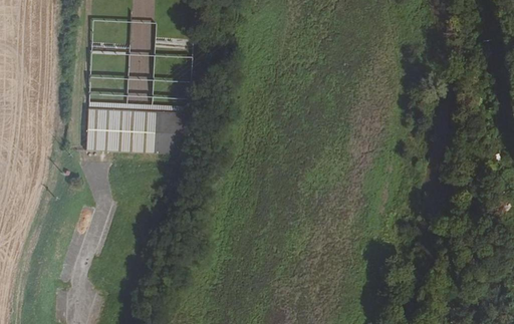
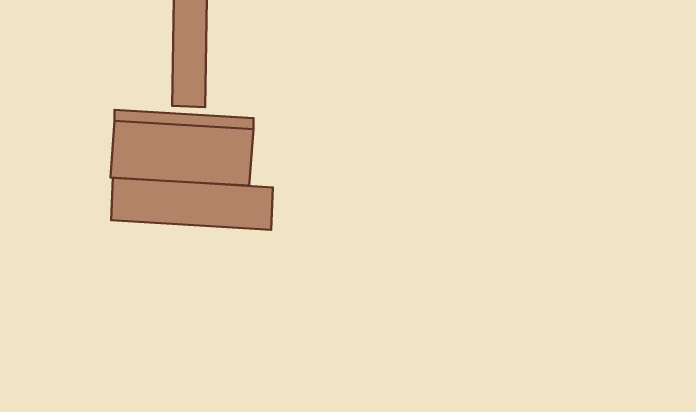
building: none -> [111,178,273,230]

